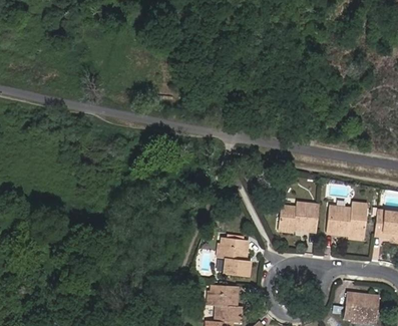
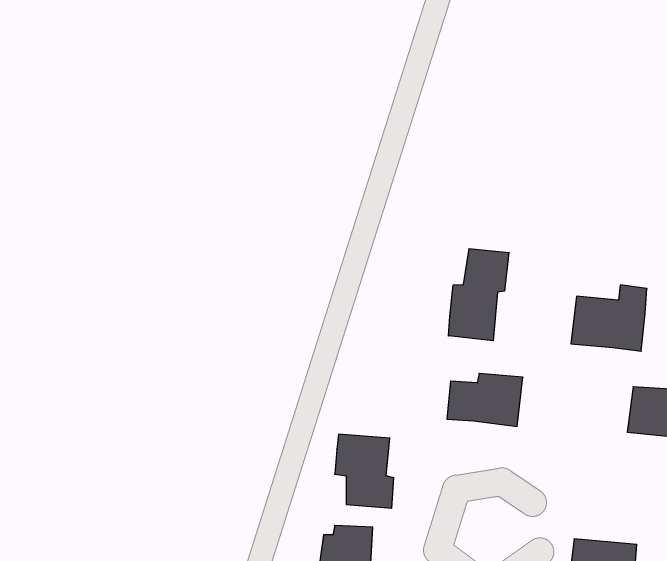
building: none -> [448,249,509,341]
building: [326,202,366,237] -> [571,285,647,351]

